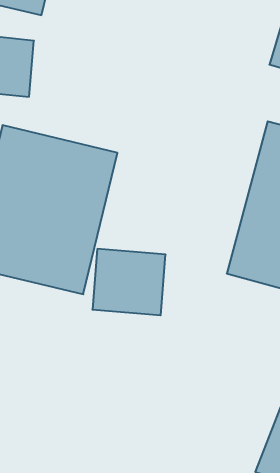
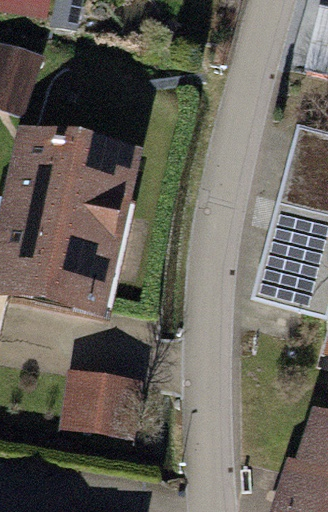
building: [92,249,166,315] -> [73,369,150,439]

